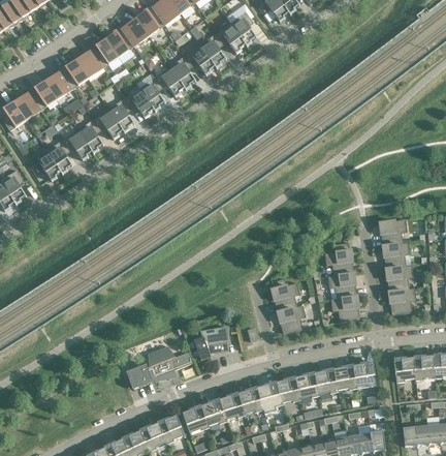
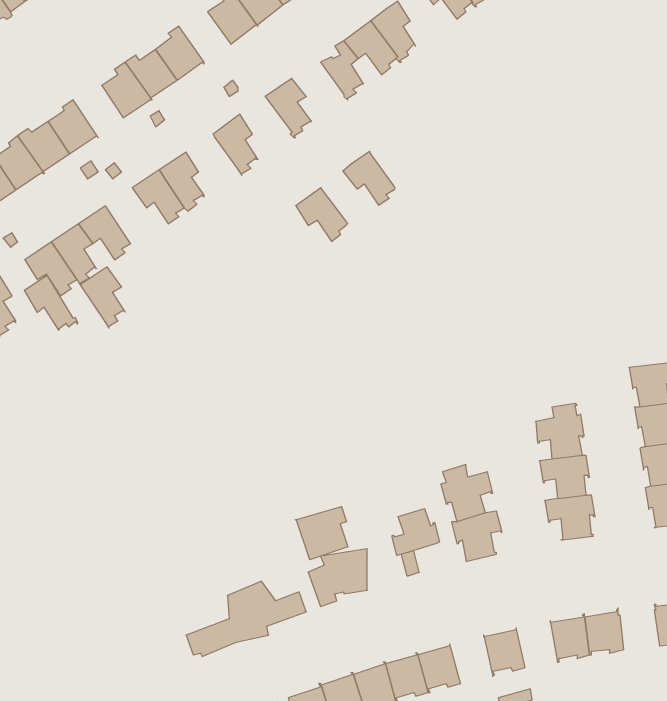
building: [119,18,149,47] -> none
building: [184,44,214,75] -> [343,151,395,205]
building: [58,60,87,90] -> none
building: [154,66,184,97] -> [296,188,348,242]
building: [123,90,153,118] -> none
building: [76,119,102,154] -> [80,267,125,328]
building: none -> [24,275,77,330]
building: none -> [295,506,348,560]
building: none -> [392,509,440,556]
building: [313,368,337,395] -> none
building: [275,376,299,404] -> none

